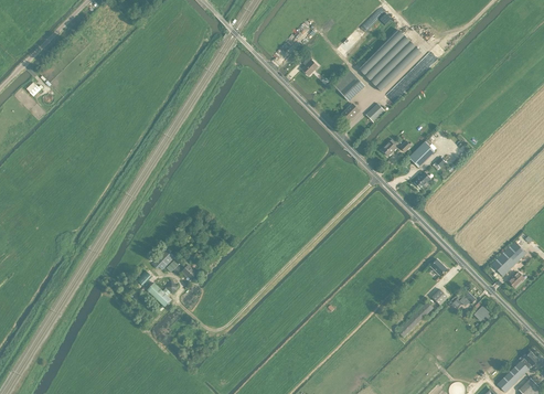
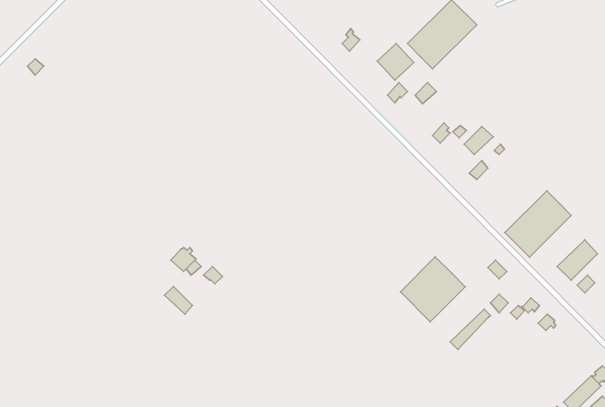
building: none -> [505,191,571,257]
building: none -> [400,257,465,322]

